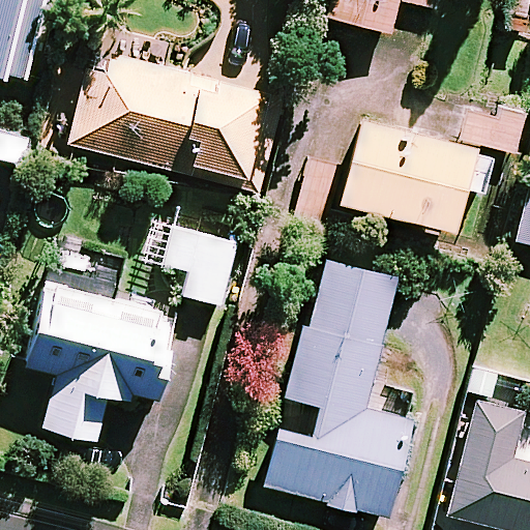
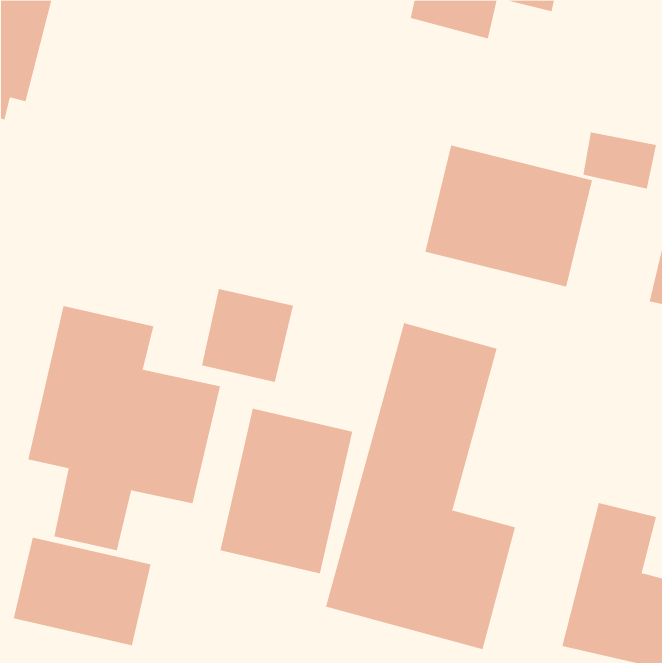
building: [62,40,266,177] -> none
building: none -> [220,408,353,574]
building: none -> [13,537,151,646]

